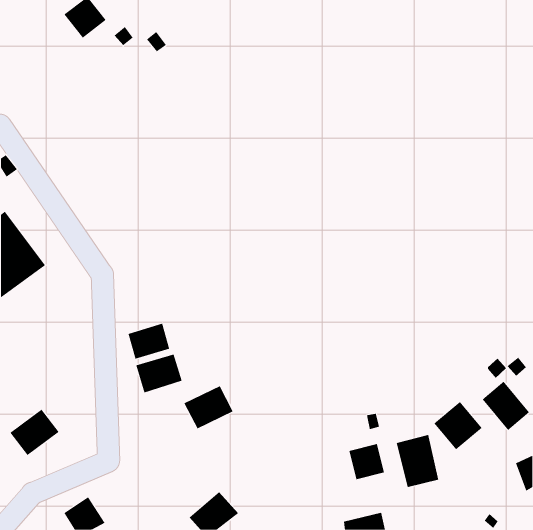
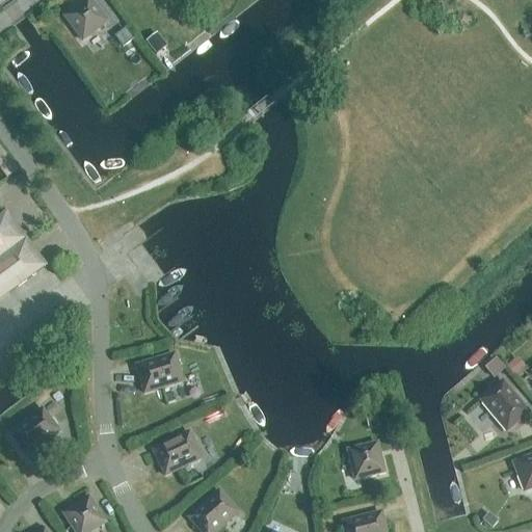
building: [128,323,170,359] -> none
building: [184,385,234,429] -> [152,430,202,474]
building: [434,401,482,450] -> none
building: [396,434,439,488] -> none

